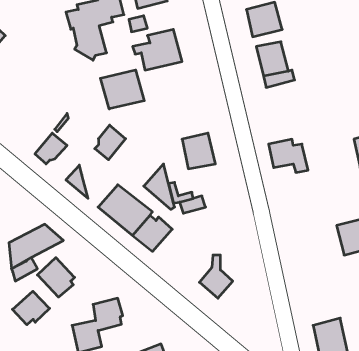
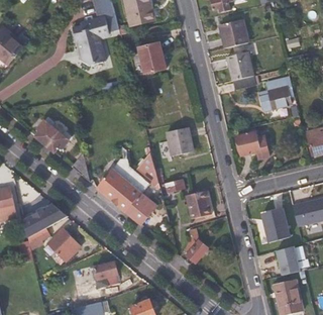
building: [100,70,144,109] -> none
building: none -> [260,75,296,111]
building: [95,125,126,160] -> [35,115,61,143]
building: none -> [186,190,211,218]
building: none -> [262,205,294,240]
building: none -> [277,243,302,274]
building: [12,291,50,325] -> none

